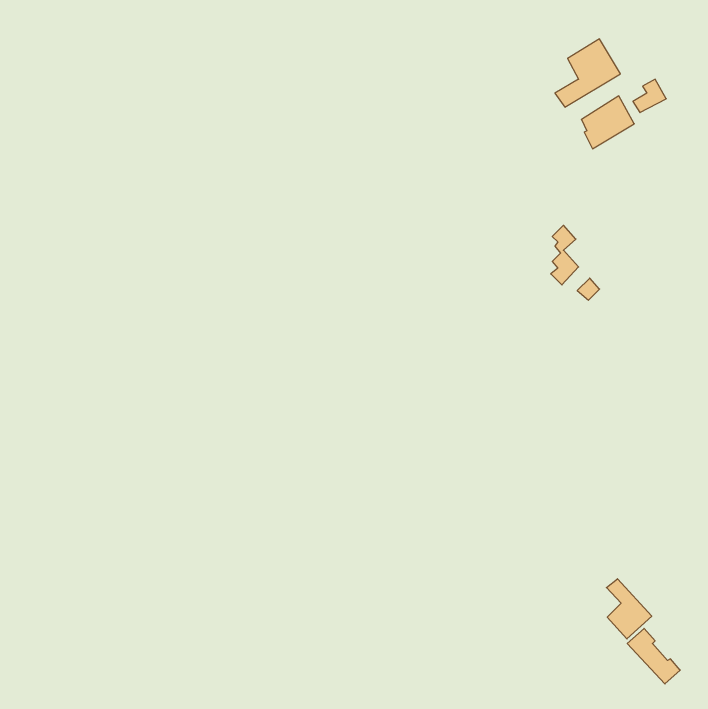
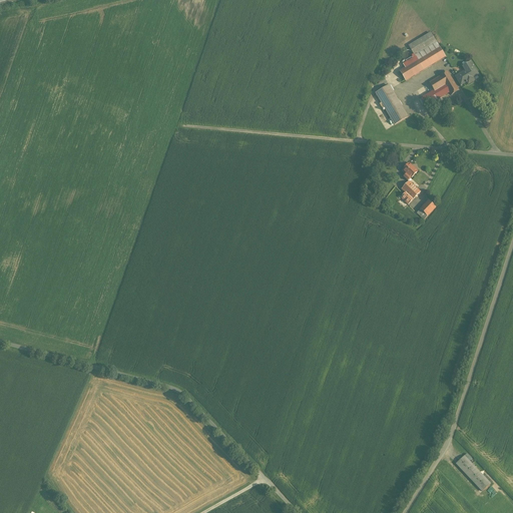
building: none -> [376,82,409,123]
building: [606,579,652,639] -> none

